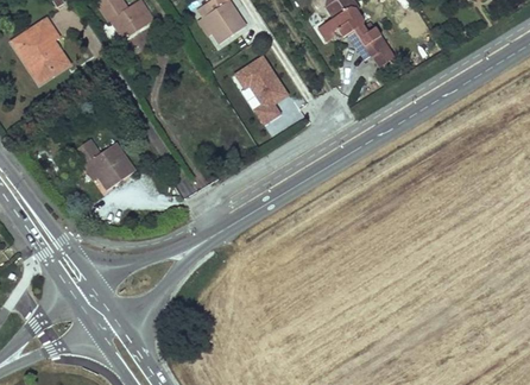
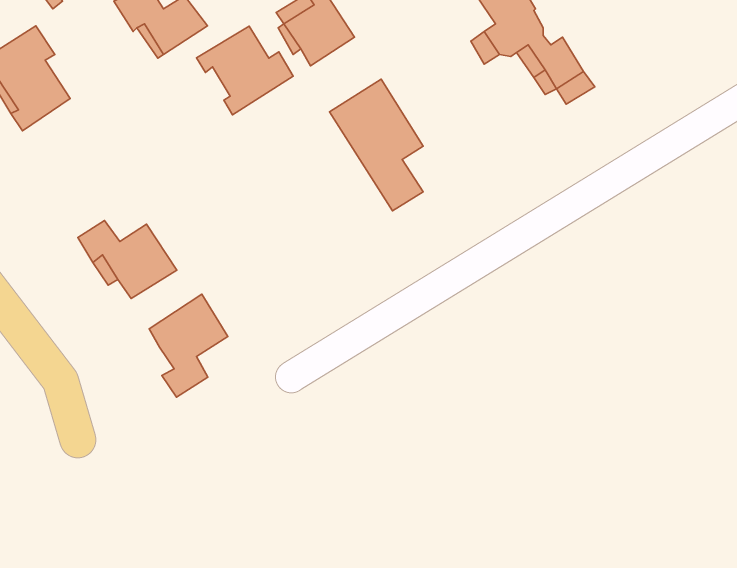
building: none -> [197,26,293,115]
building: none -> [149,294,228,397]

